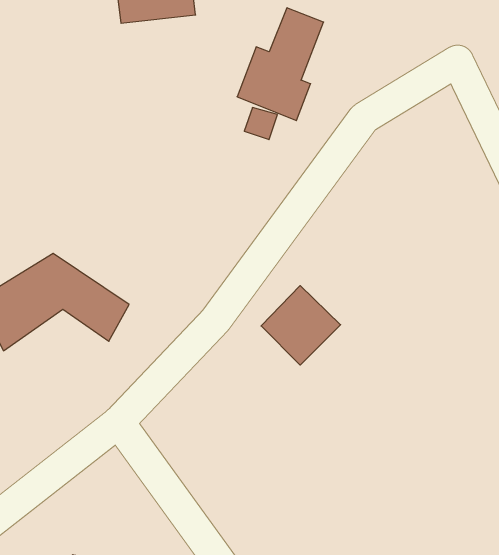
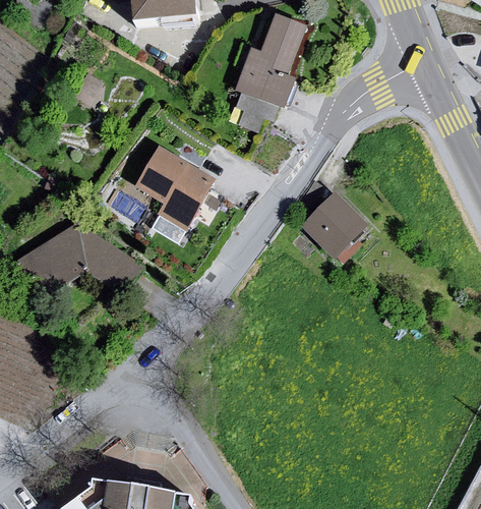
building: none -> [133,144,216,228]
building: [261,286,341,365] -> [301,191,369,260]

